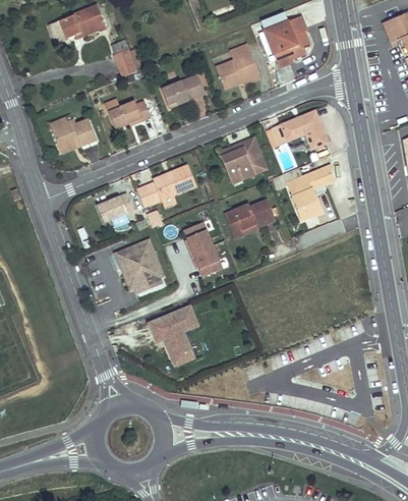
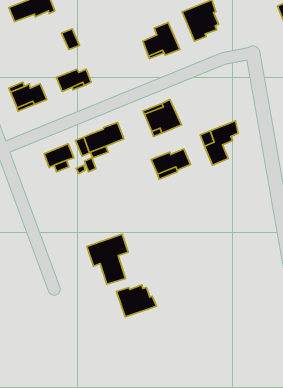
building: [163,73,207,107] -> none
building: [278,111,326,149] -> none
building: [183,221,221,277] -> none
building: [113,239,161,289] -> none
building: none -> [117,285,157,317]

